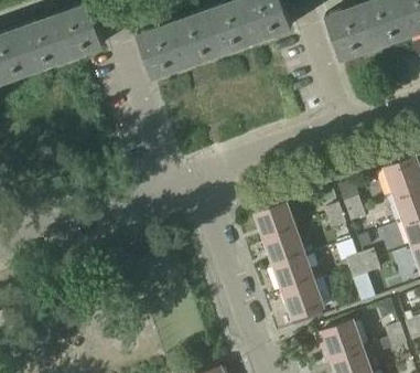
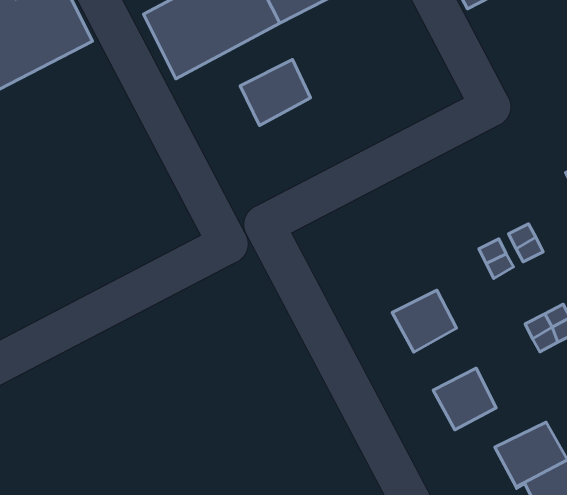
building: none -> [240,59,310,126]
building: [257,206,295,243] -> none
building: [276,258,313,295] -> none

